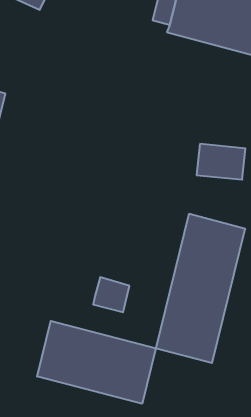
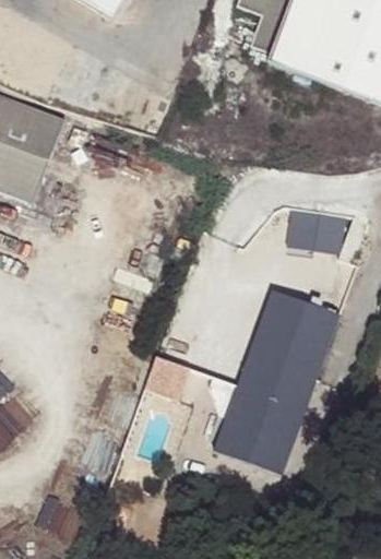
building: [37,321,156,404] -> none

